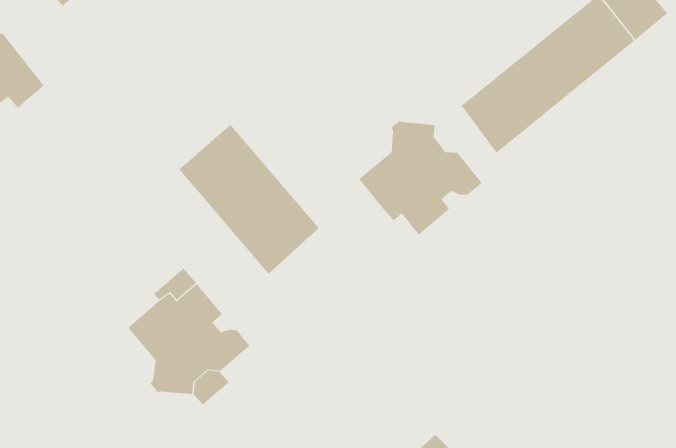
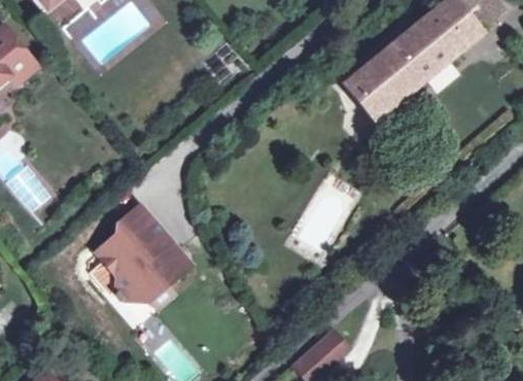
building: [359,120,482,235] -> none
building: [179,124,319,275] -> none

